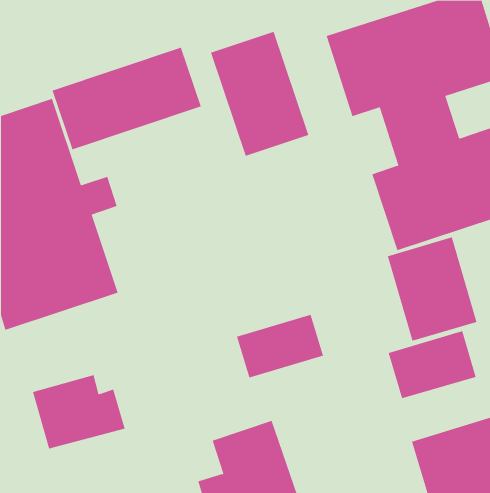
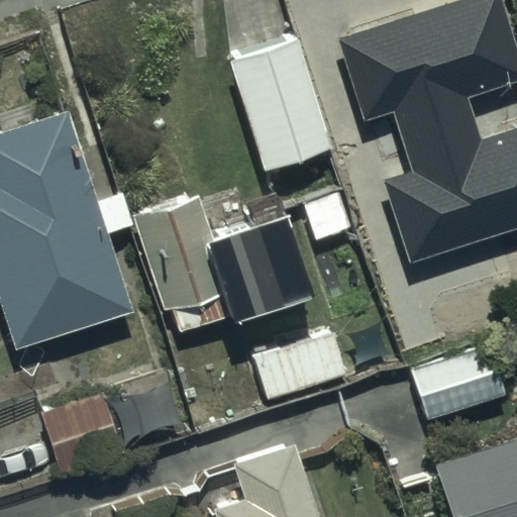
building: [52,47,202,150] -> none
building: none -> [141,197,308,332]
building: [387,237,477,342] -> none

